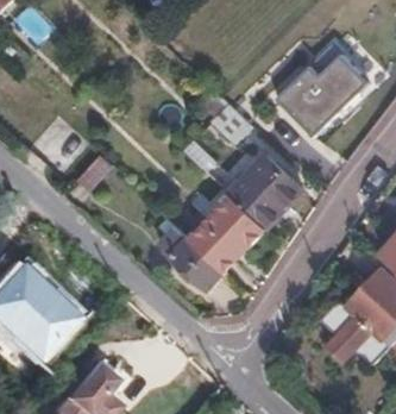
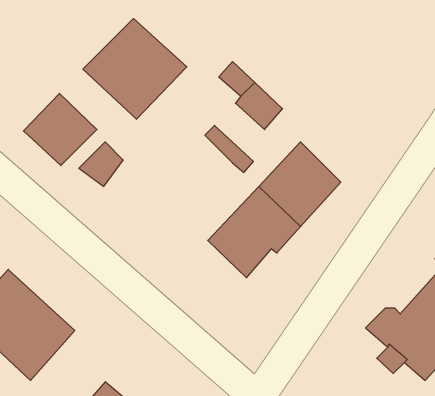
building: [277,44,367,138] -> none
building: none -> [83,19,187,119]
building: [156,219,224,291] -> none

